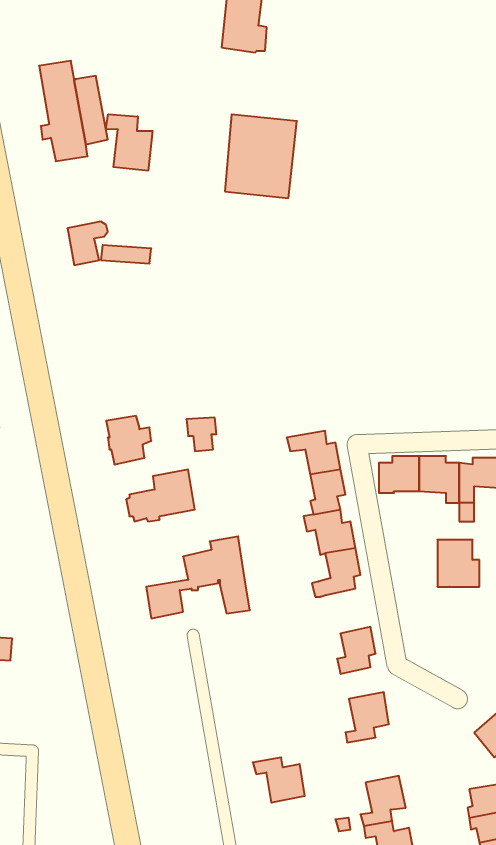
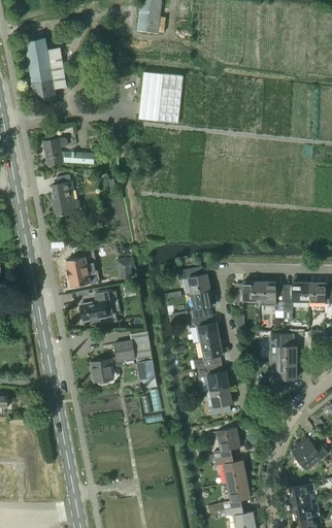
building: [106,114,153,171] -> none
building: none -> [51,174,80,216]
building: none -> [272,362,296,387]
building: none -> [196,363,229,392]
building: [253,757,305,803] -> [214,455,246,483]

